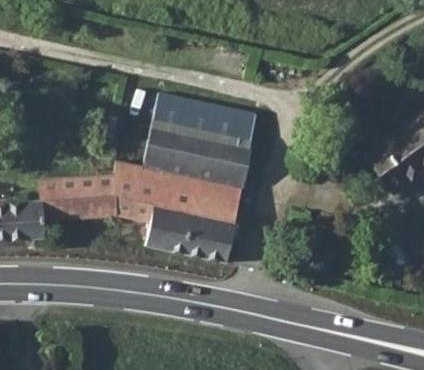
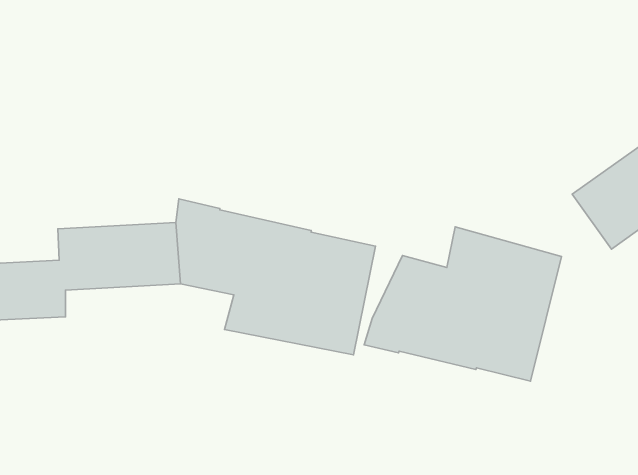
building: [142,92,257,189] -> none
building: none -> [364,227,562,381]

